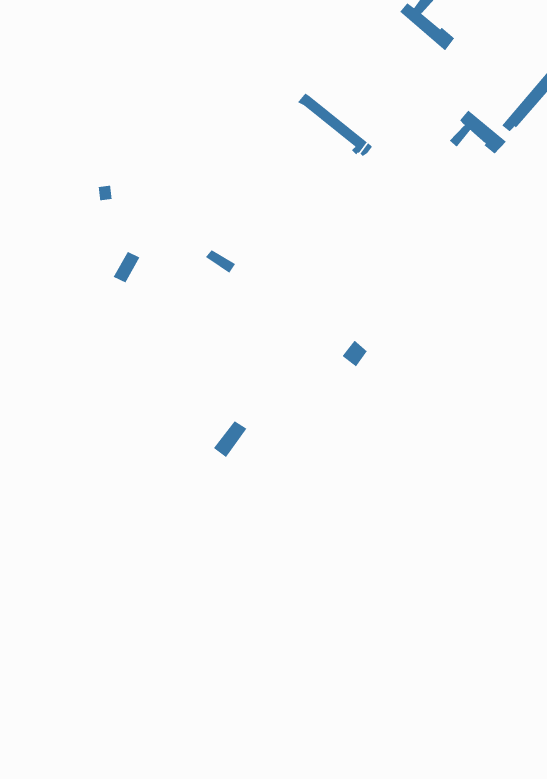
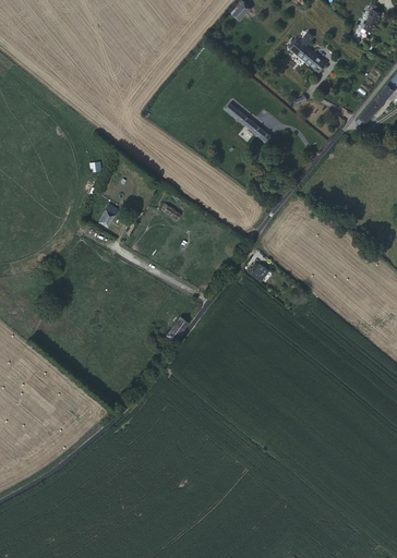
building: [449,110,507,155] -> none

